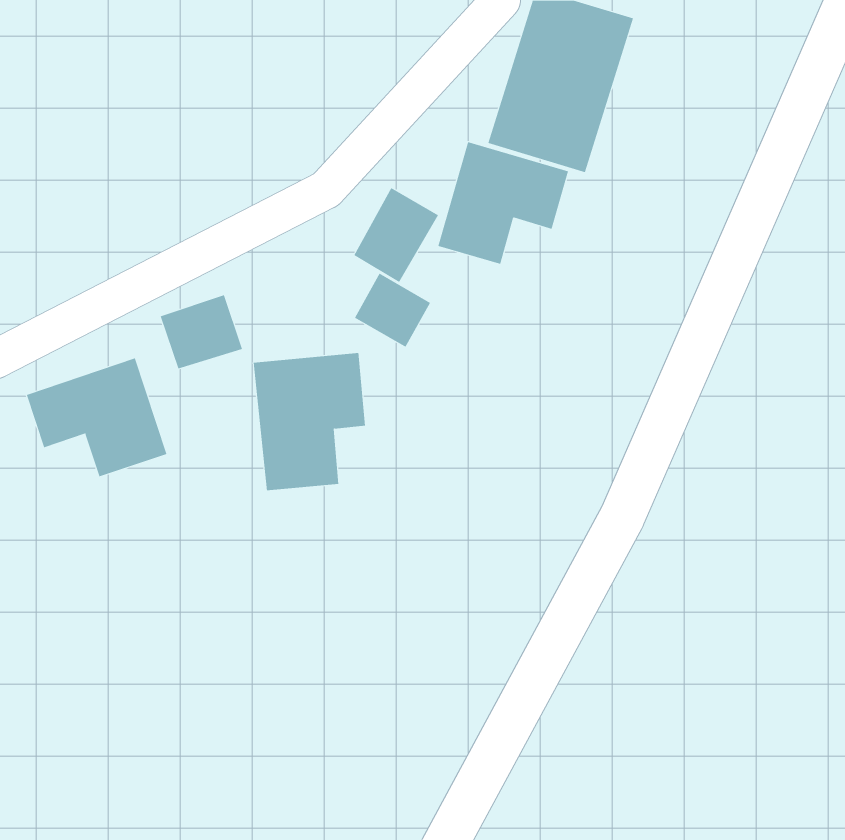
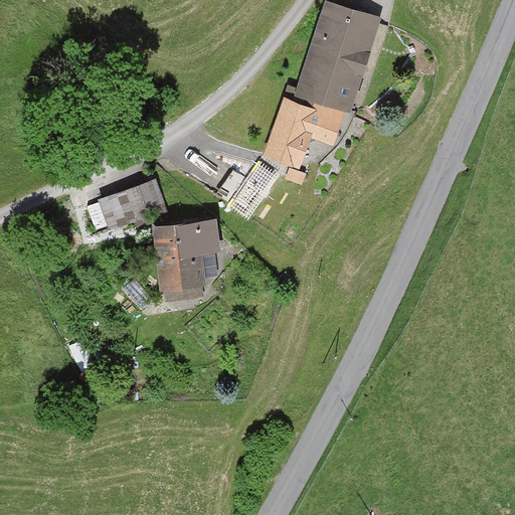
building: [353,187,439,283] -> none
building: [26,358,167,477] -> none

